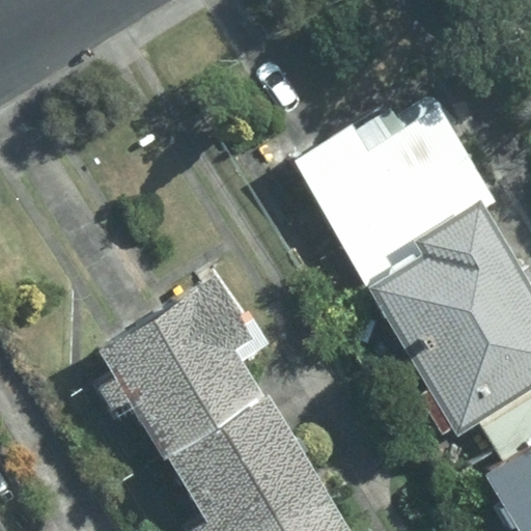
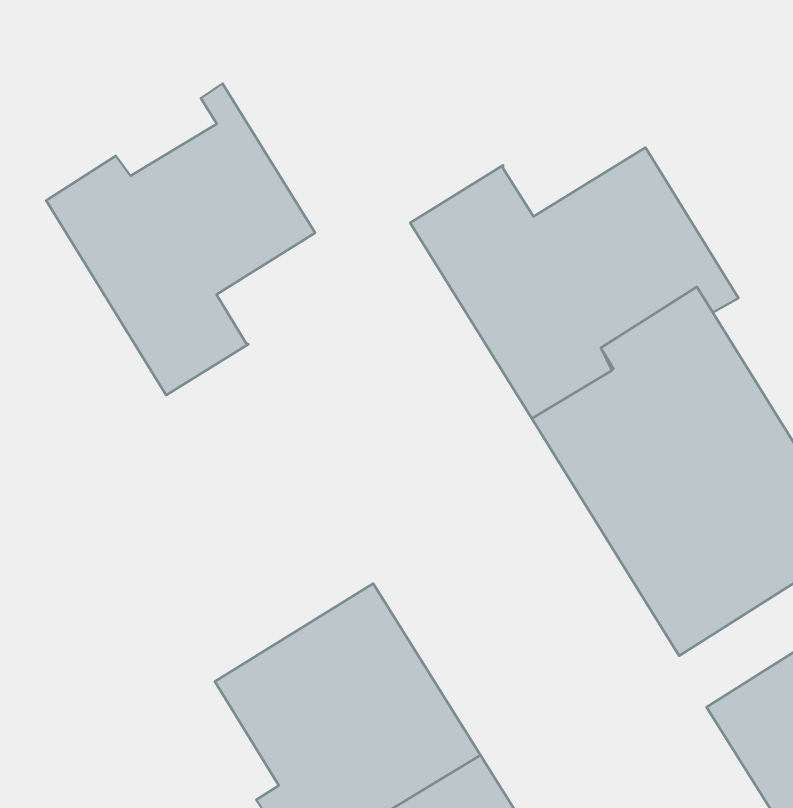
building: none -> [46,83,315,395]
building: [87,268,271,448] -> none

